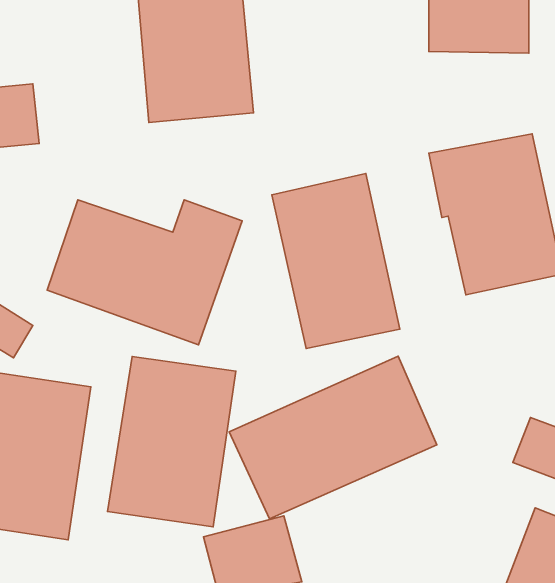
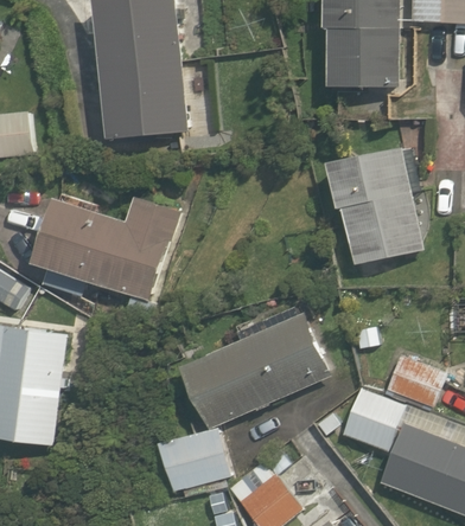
building: [272,174,400,348] -> none
building: [108,357,236,527] -> none
building: none -> [340,389,405,451]

